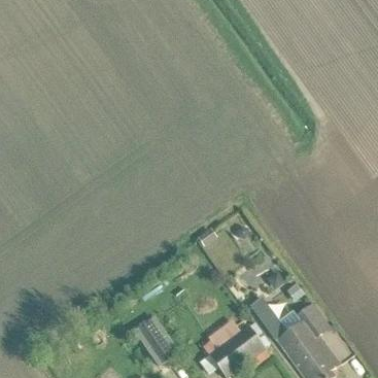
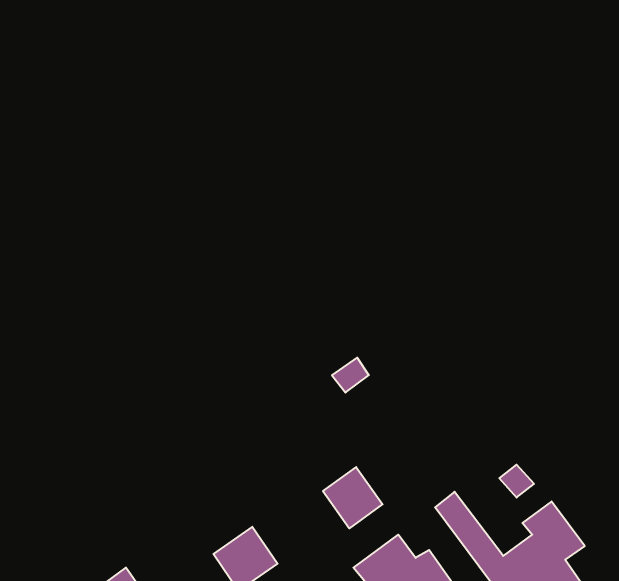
building: none -> [323,467,383,528]

